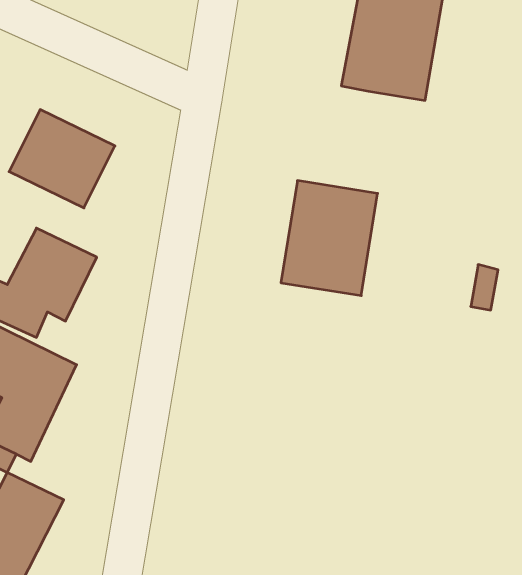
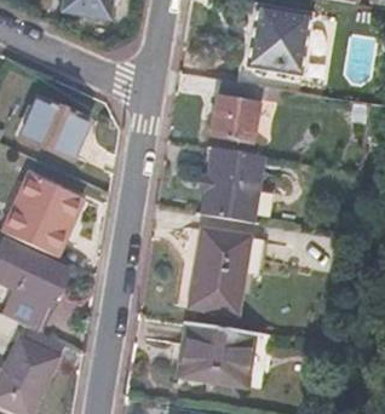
building: none -> [211,79,262,142]
building: none -> [191,229,251,314]
building: none -> [179,320,269,386]

